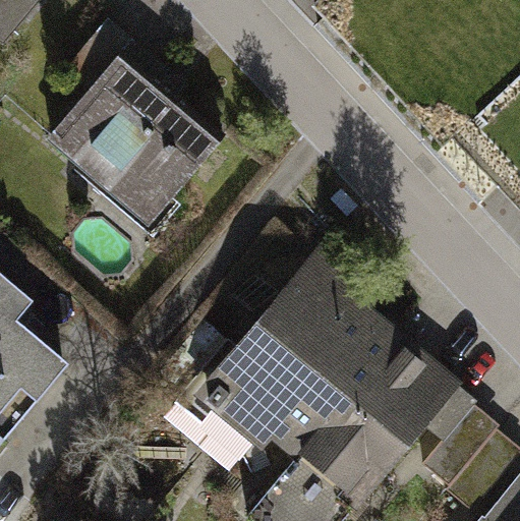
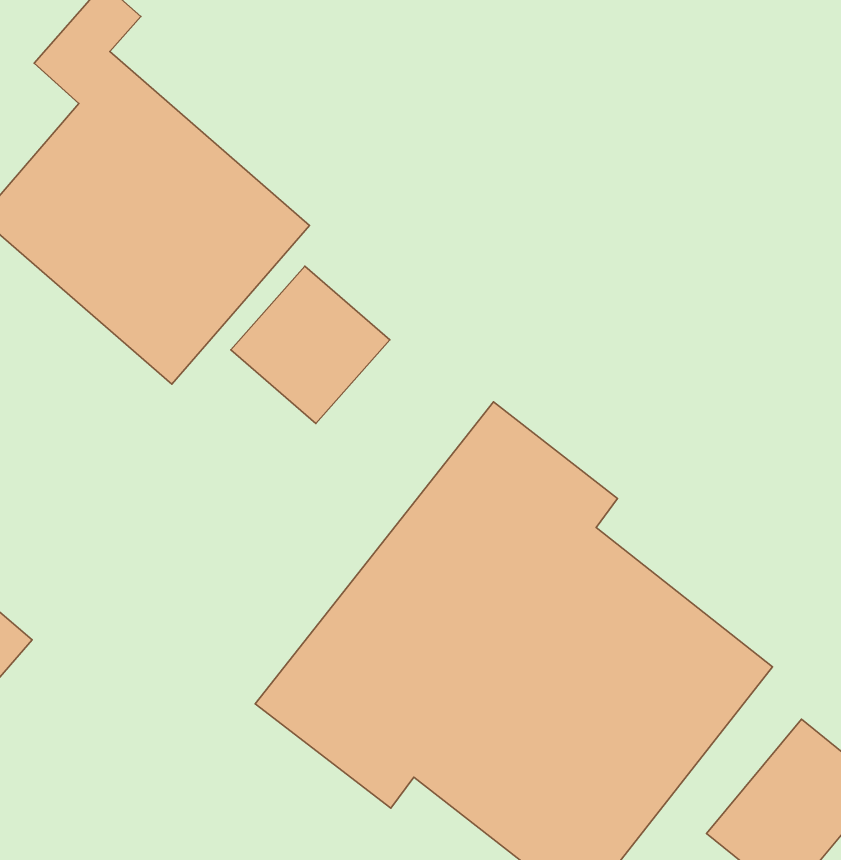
building: none -> [231,266,390,423]

